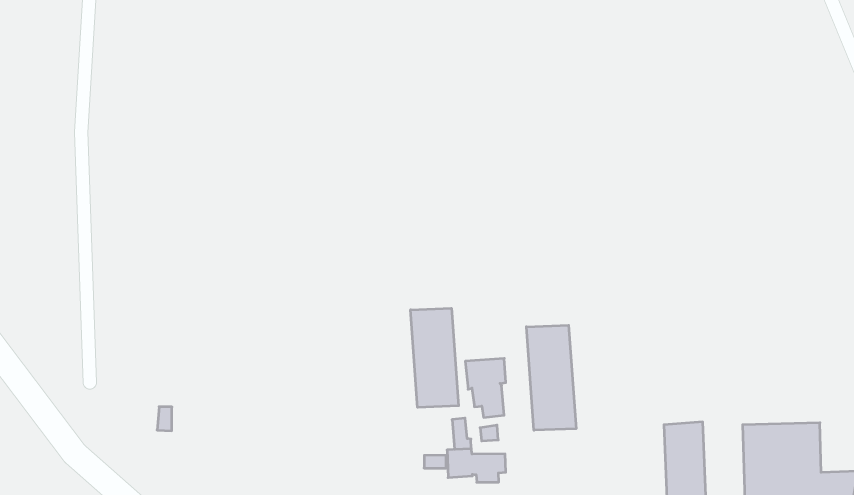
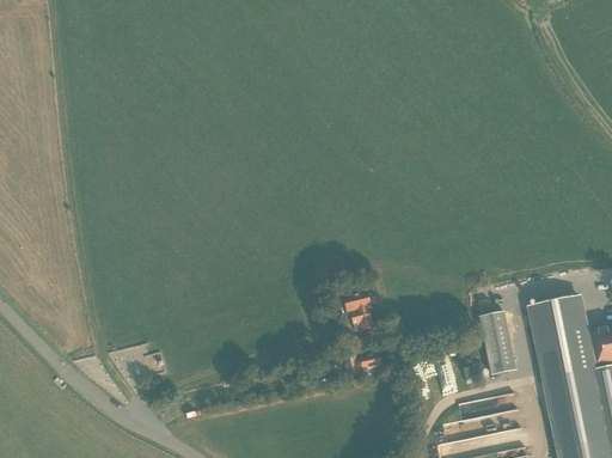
building: [411,308,459,407] -> none
building: [526,325,576,430] -> none

